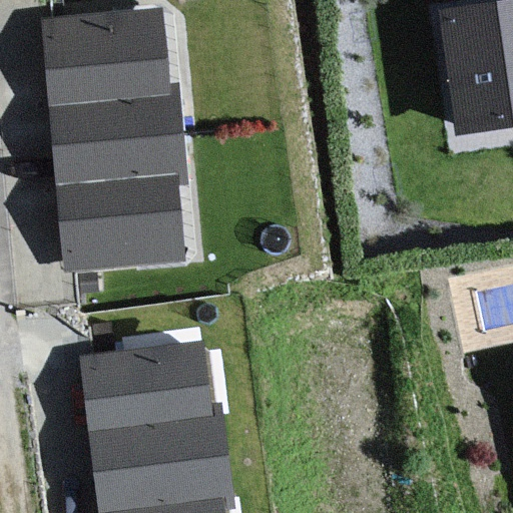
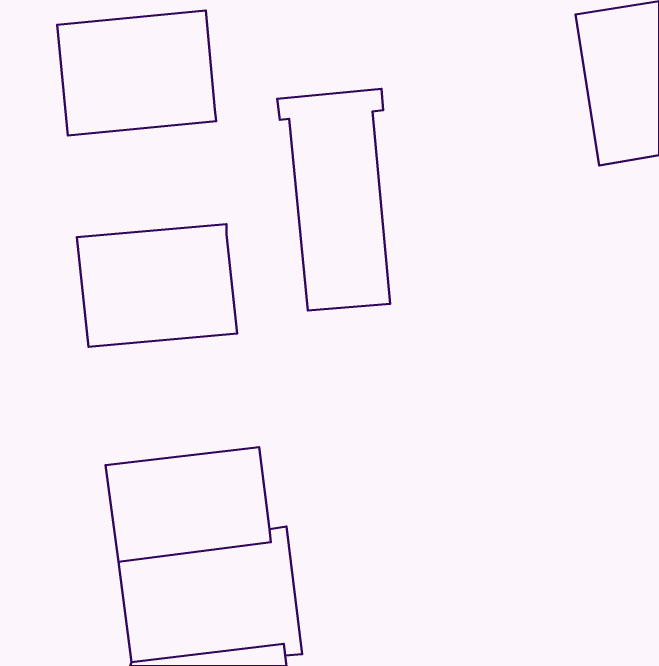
building: none -> [277,89,390,311]
building: [52,83,186,182] -> none

